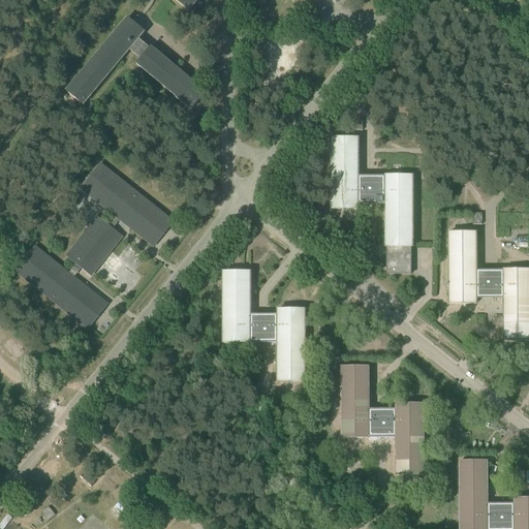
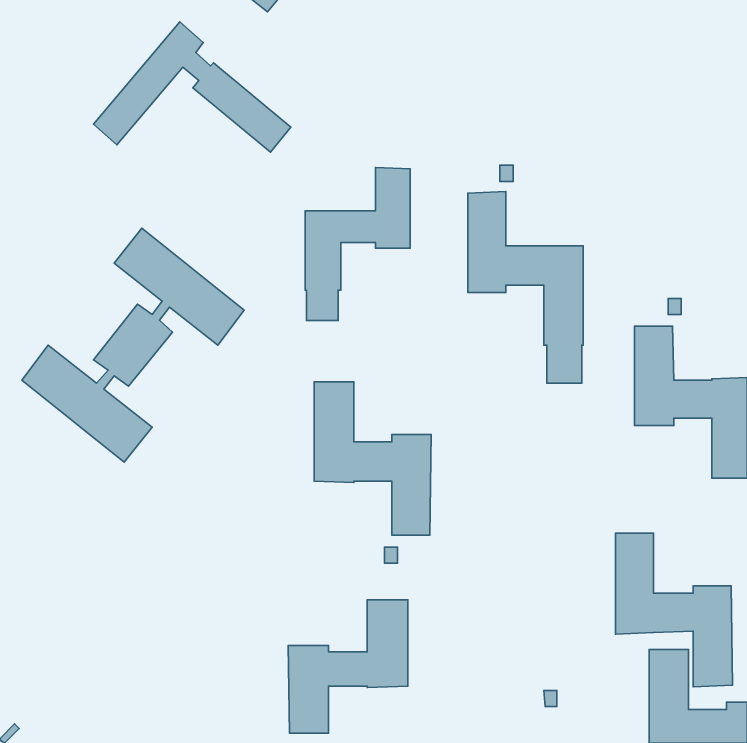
building: none -> [305,168,410,321]
building: [341,365,424,473] -> [616,533,733,687]
building: none -> [288,600,408,733]

